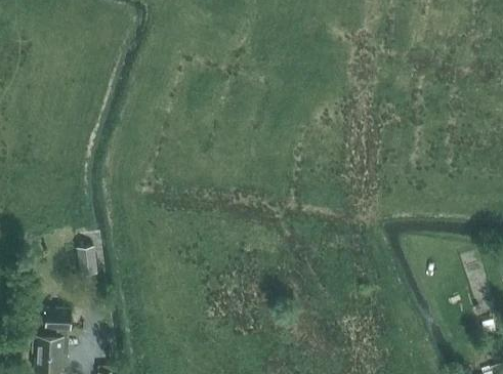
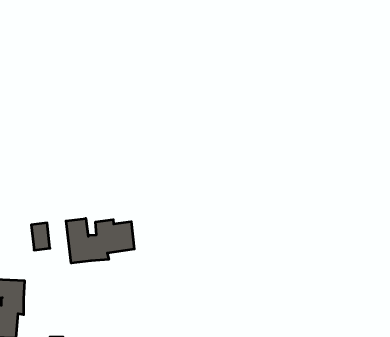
building: none -> [66,218,134,263]

